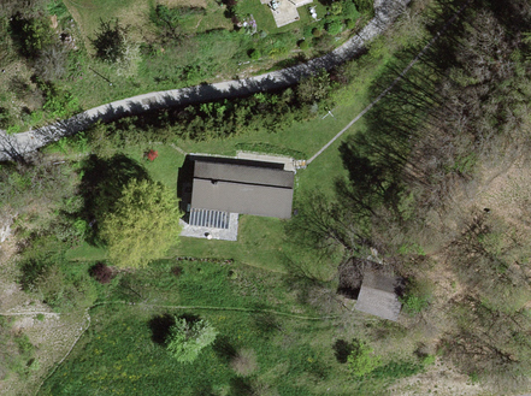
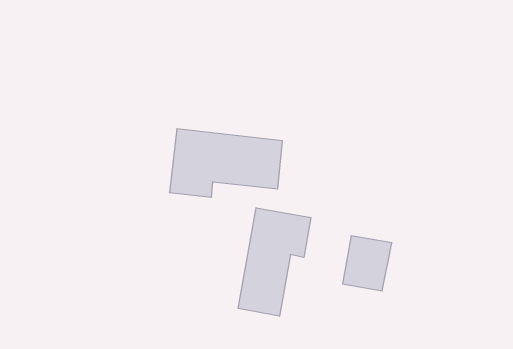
building: none -> [238,208,311,316]

